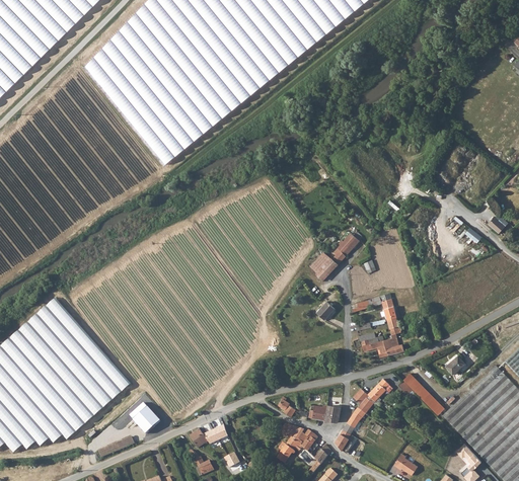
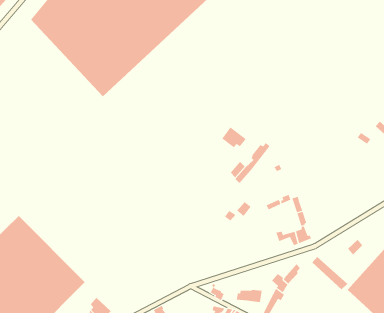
building: none -> [222,127,246,148]

